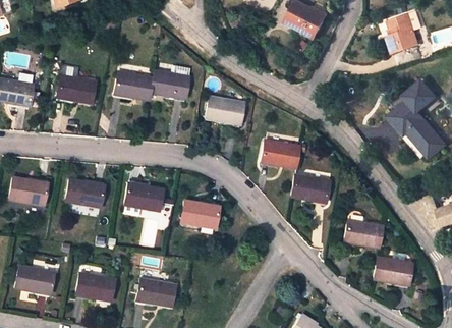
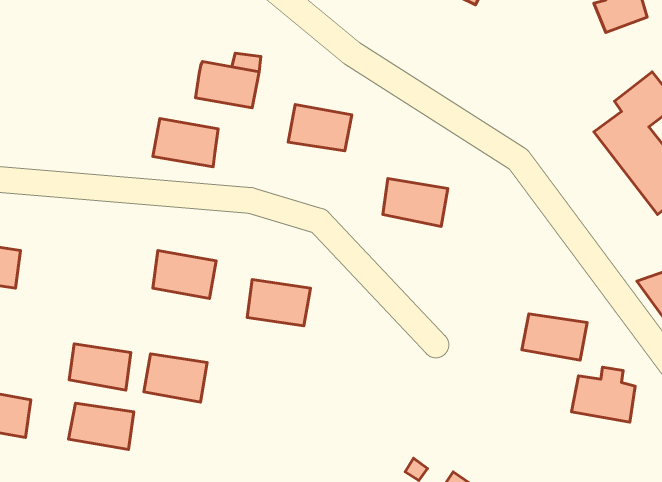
building: [57,64,95,103] -> none
building: [114,71,153,100] -> [153,119,218,167]
building: [291,174,330,202] -> none
building: [66,179,103,207] -> [69,344,131,390]
building: [137,278,175,307] -> [144,354,207,402]

